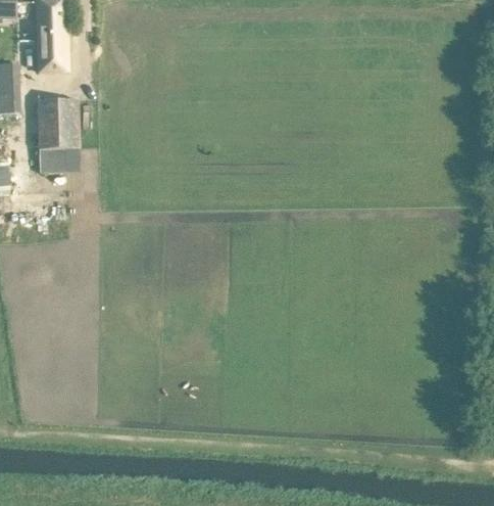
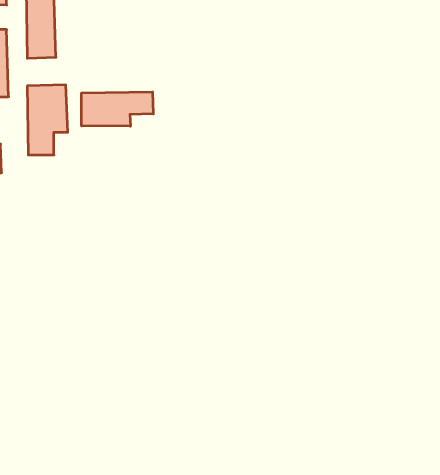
building: none -> [82,92,153,126]

